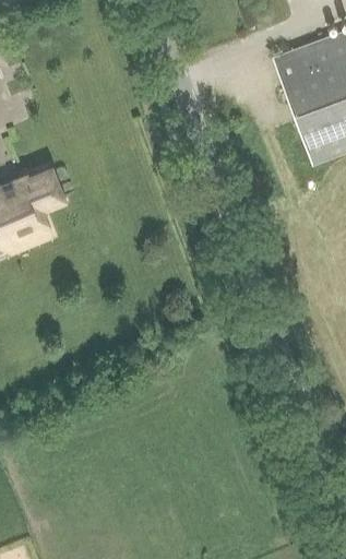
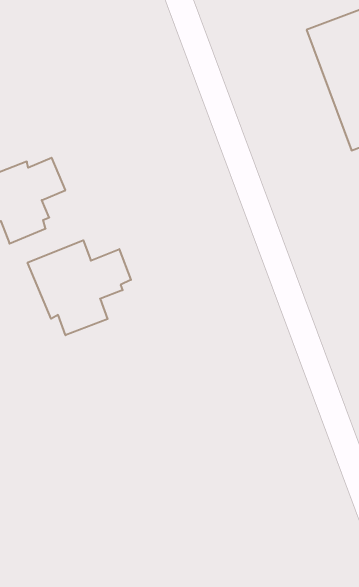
building: none -> [28,240,131,335]

